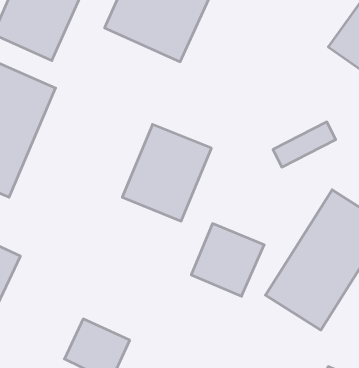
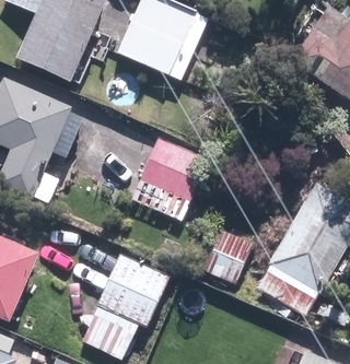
building: none -> [96,251,171,326]

